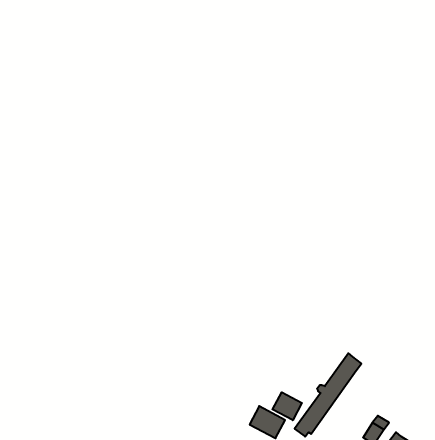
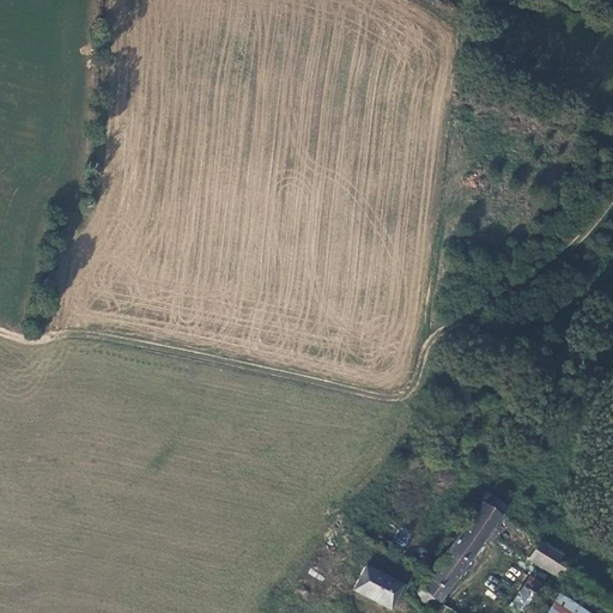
building: none -> [534,544,572,578]
building: [272,392,302,420] -> none

